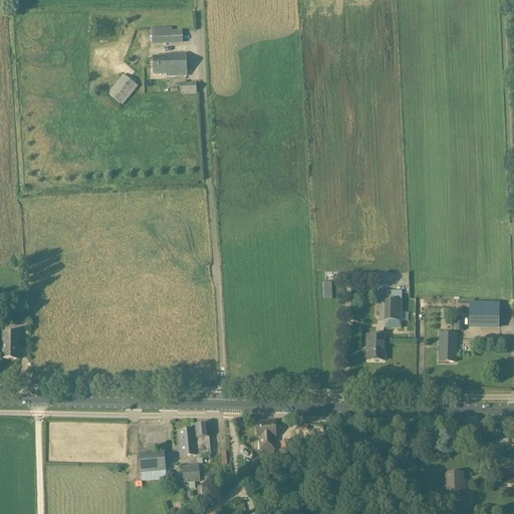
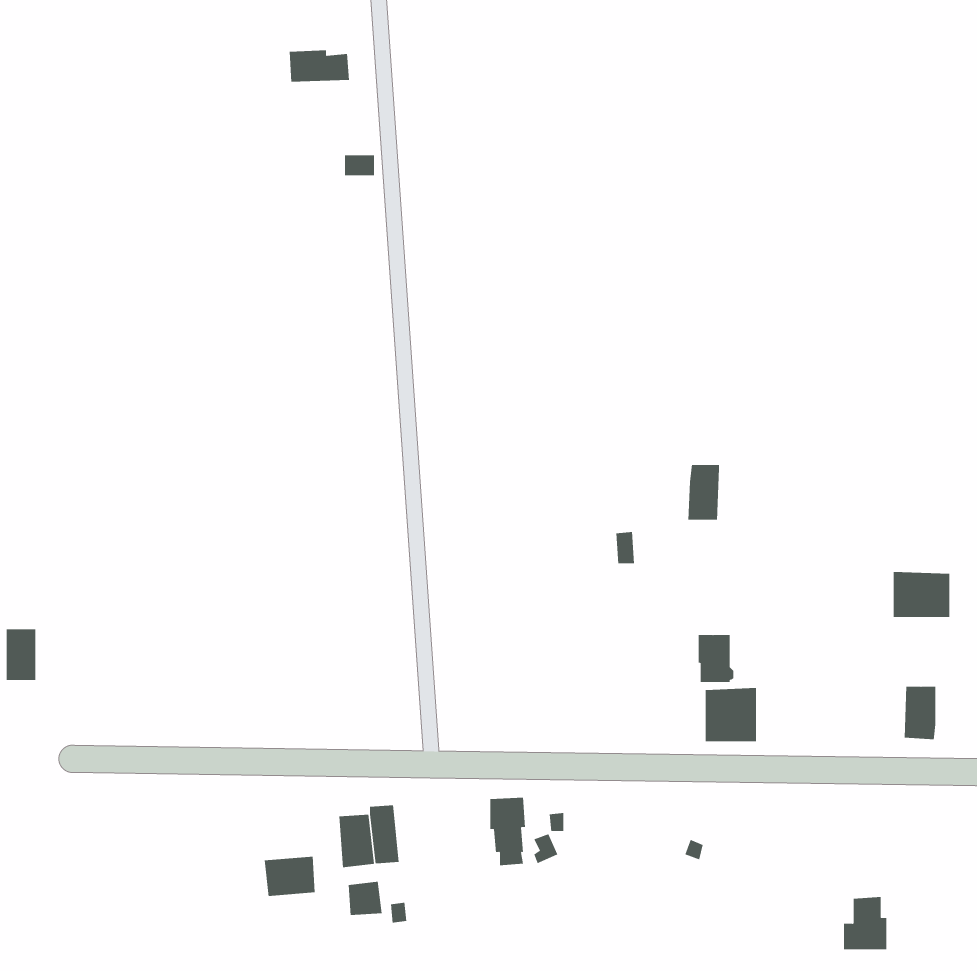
building: [153,52,187,75] -> none
building: [108,72,139,103] -> none
building: [384,289,402,318] -> [687,465,720,520]
building: [439,332,456,360] -> [904,686,936,740]
building: none -> [705,687,757,742]

